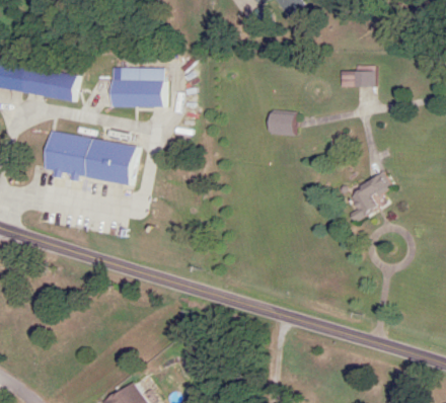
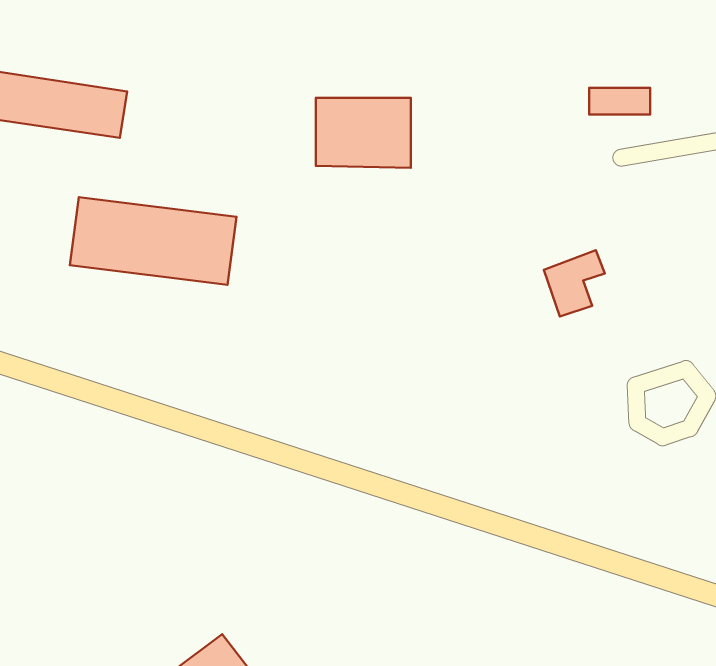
building: [109,67,163,106] -> [316,98,411,168]
building: [271,113,296,132] -> none
building: [352,178,386,216] -> [544,250,605,316]

